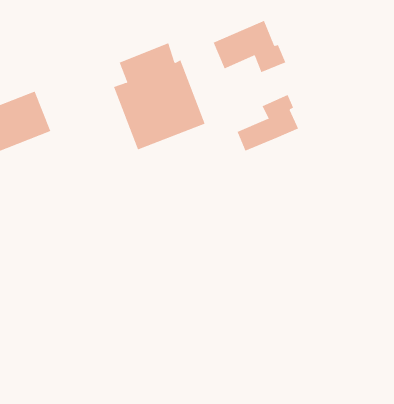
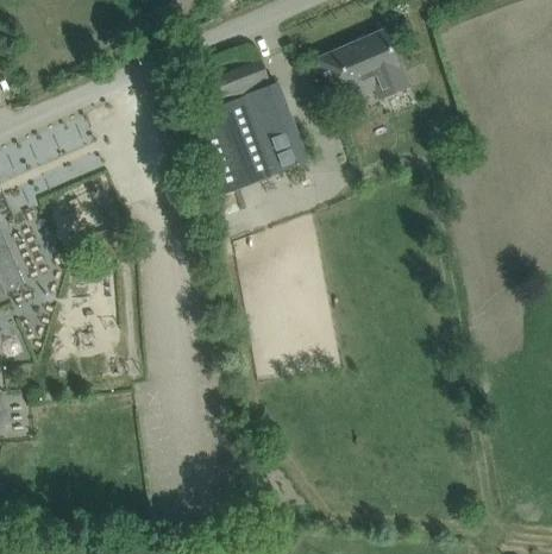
building: [237,94,299,152] -> none

